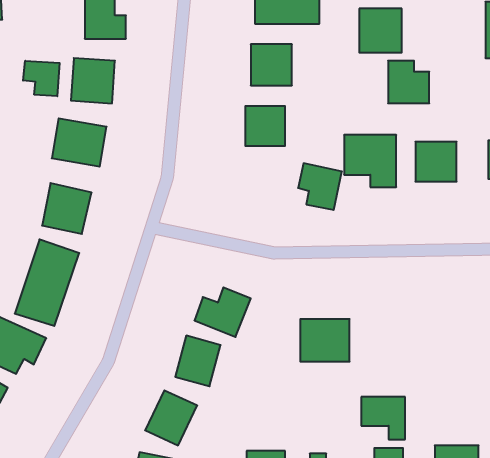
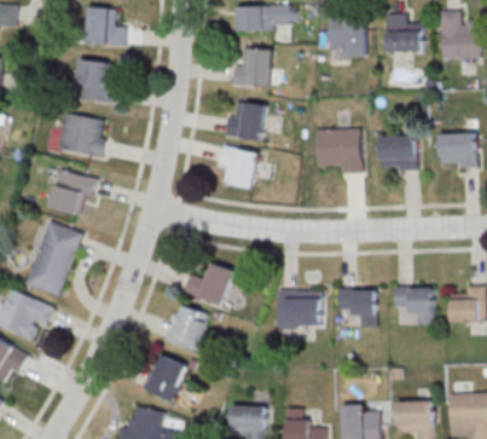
building: [388,61,429,103] -> [385,15,422,52]
building: [23,61,60,96] -> none
building: [298,163,342,210] -> [219,146,257,187]
building: none -> [393,288,431,324]
building: [361,397,405,439] -> [336,289,375,327]

